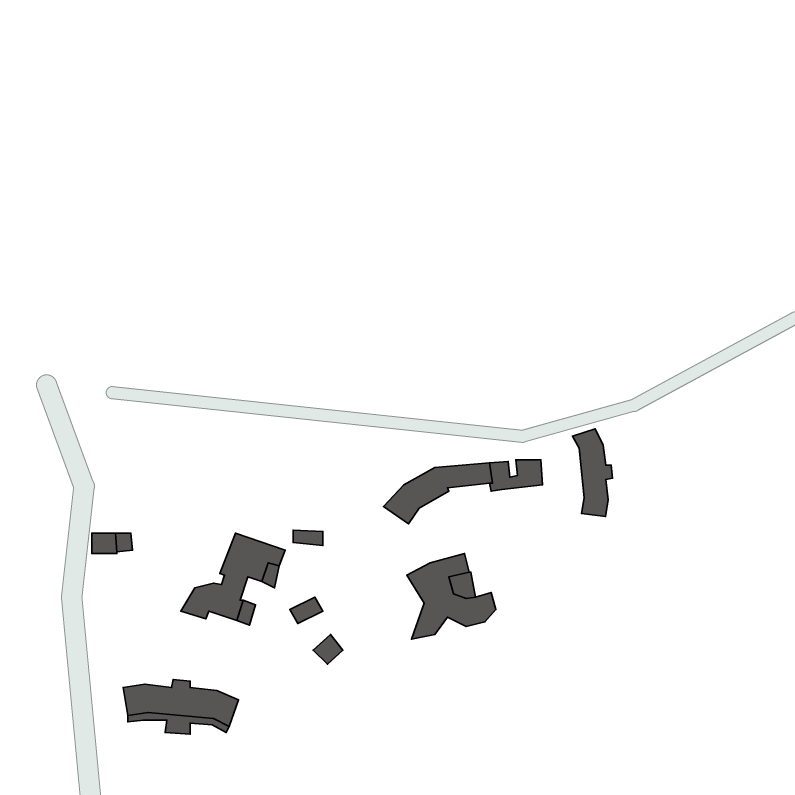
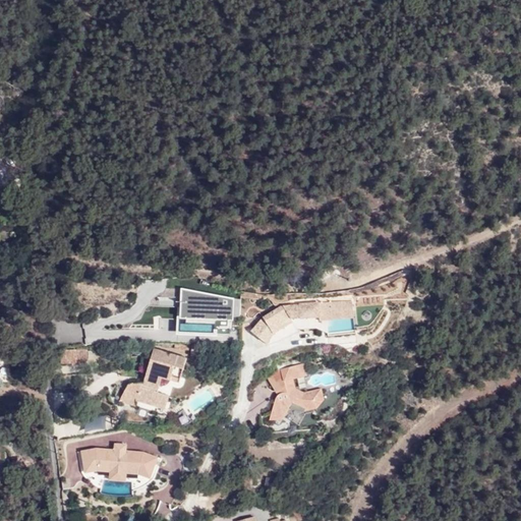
building: [573,429,612,516] -> none
building: none -> [176,288,232,337]

